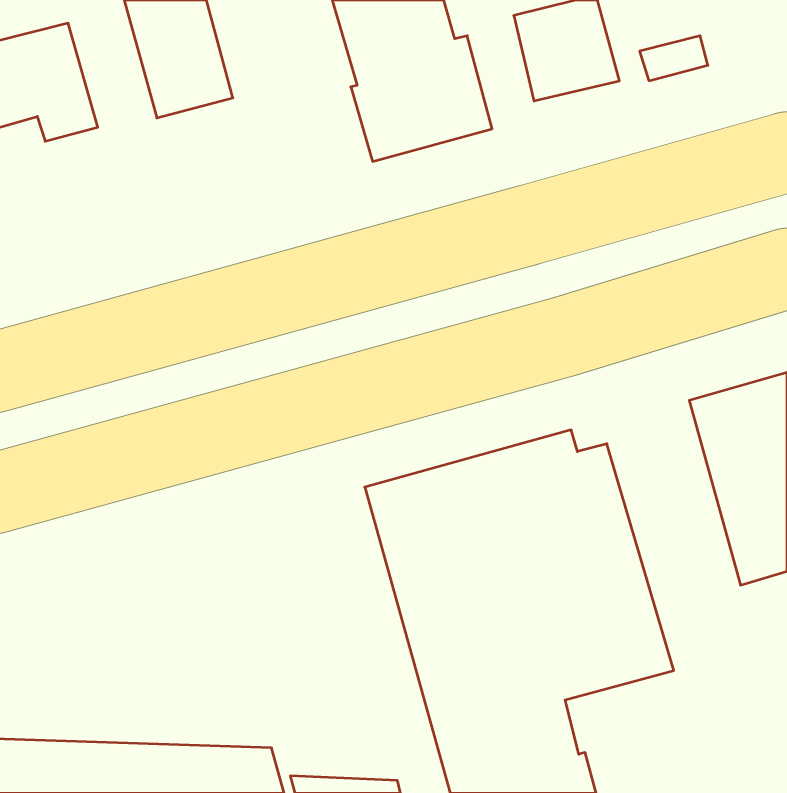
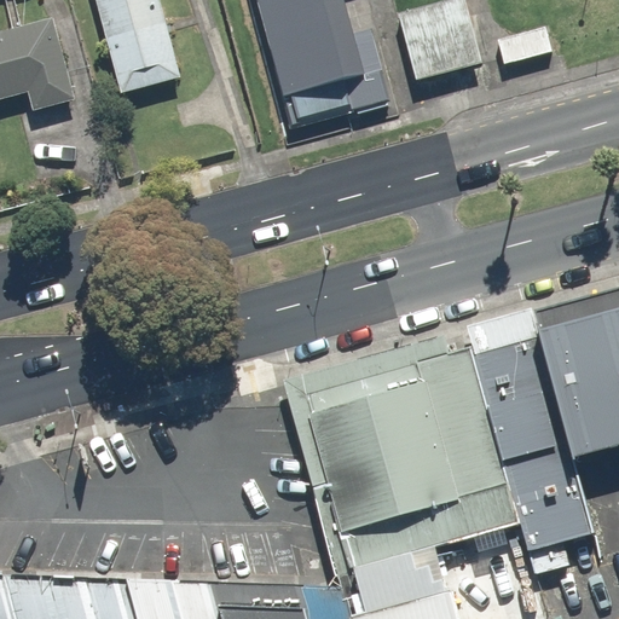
building: none -> [469,312,596,573]

